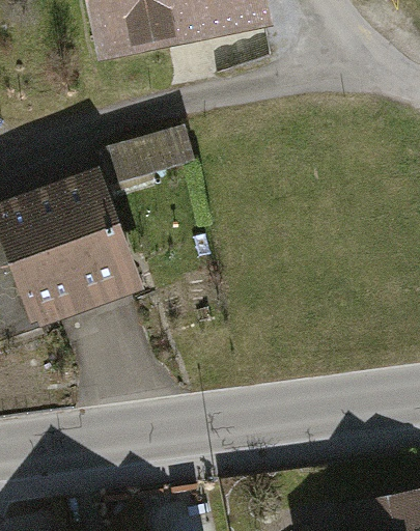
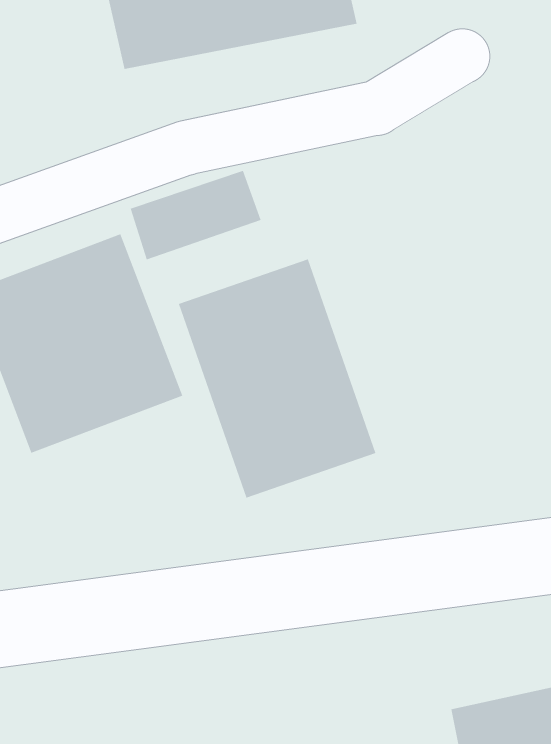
building: none -> [178,258,376,499]

